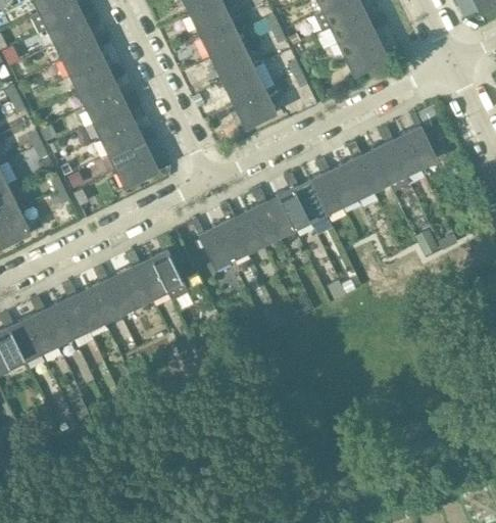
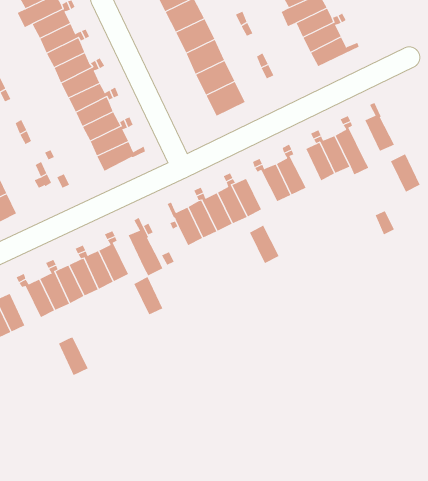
building: [389,134,421,176] -> [390,153,421,192]
building: [326,164,358,206] -> none
building: [279,188,311,230] -> [249,225,280,264]
building: [136,257,167,299] -> [134,276,163,315]
building: [24,313,57,354] -> [58,337,88,376]

